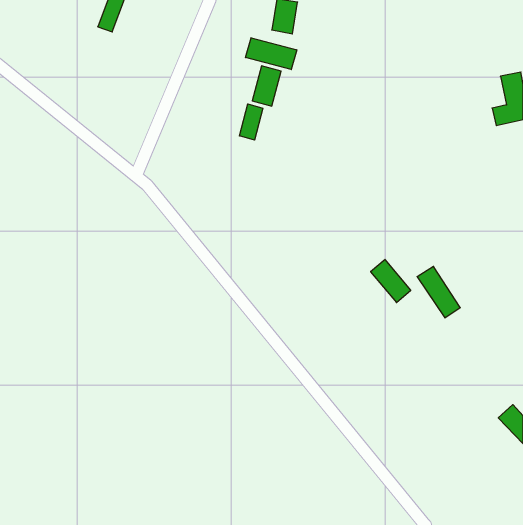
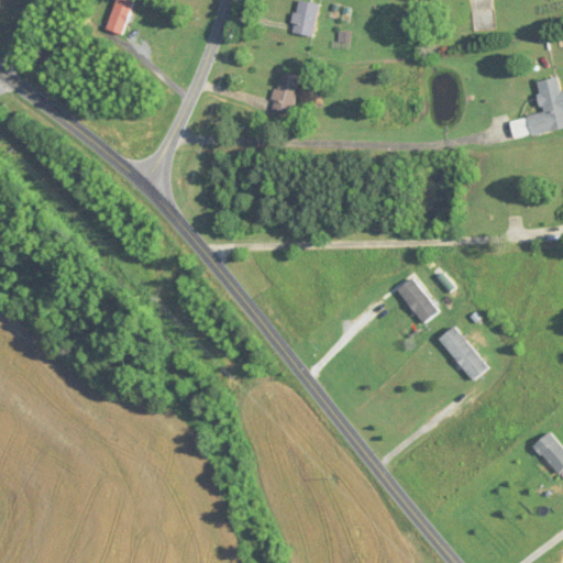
building: [246,38,297,70] -> none
building: [239,104,263,140] -> none
building: [417,266,460,318] -> [440,325,486,380]

